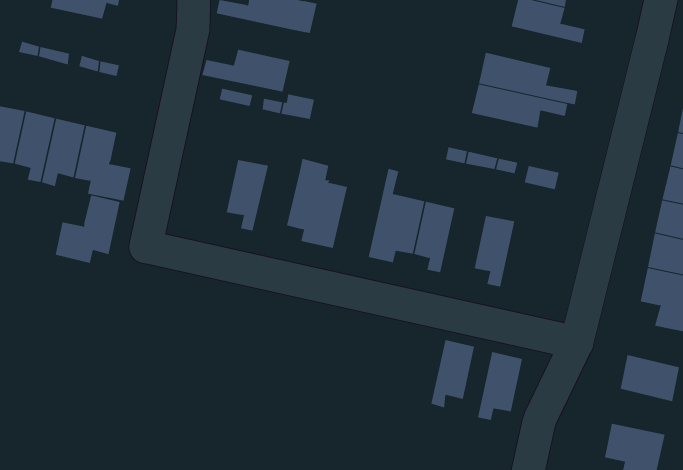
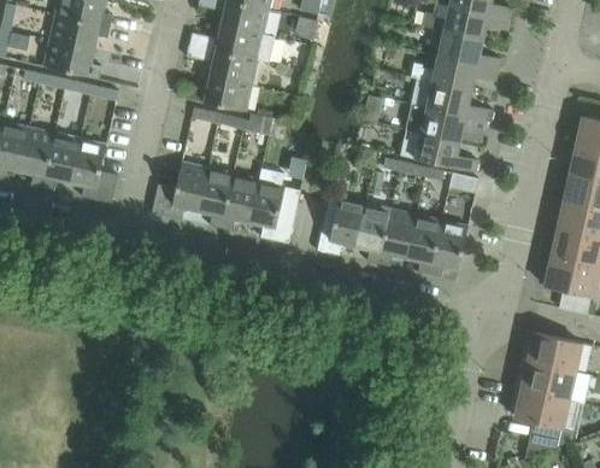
building: none -> [43,40,101,78]
building: none -> [187,45,257,84]
building: none -> [411,55,498,90]
building: none -> [400,129,477,172]
building: none -> [220,172,259,230]
building: [55,195,121,263] -> [152,162,207,220]
building: [430,339,475,408] -> [378,209,416,267]
building: [477,352,523,420] -> [429,220,467,277]
building: none -> [522,361,573,399]

